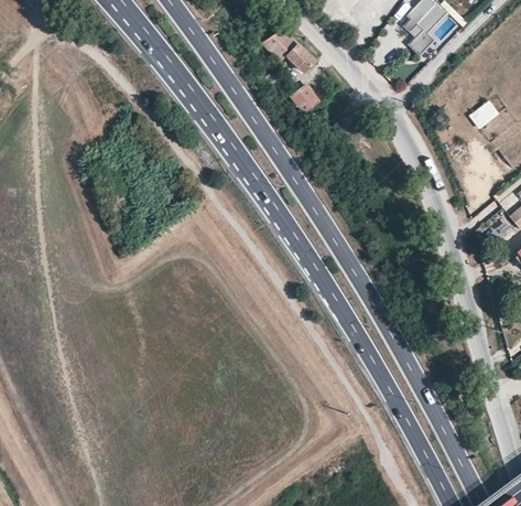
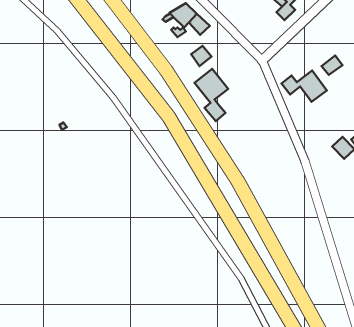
building: none -> [195,69,228,121]
building: none -> [282,71,327,102]

